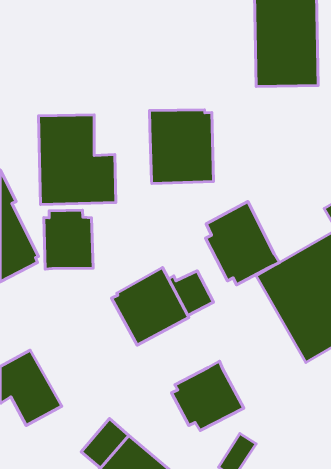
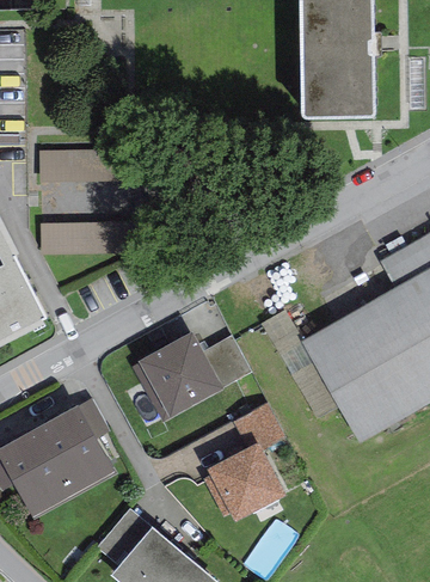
building: [149,110,214,184] -> none
building: [206,202,279,285] -> none
building: [44,210,93,269] -> none
building: none -> [36,397,113,494]
building: none -> [232,404,285,449]

